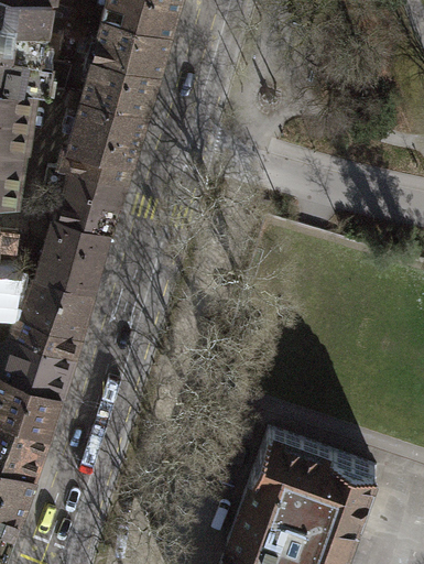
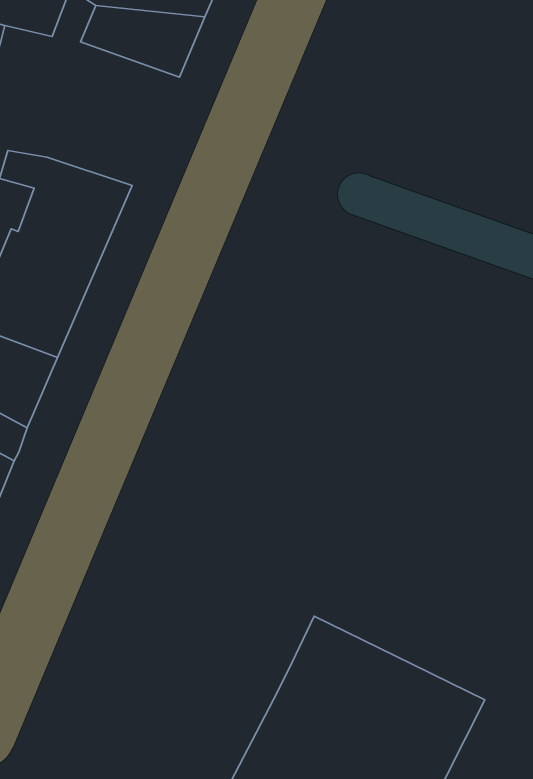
building: [67,99,145,183] -> none

